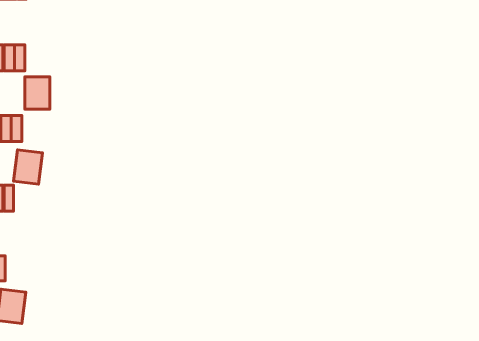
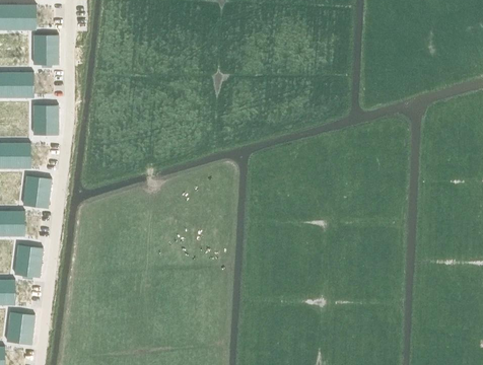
building: none -> [32,34,57,65]
building: none -> [14,242,42,276]

